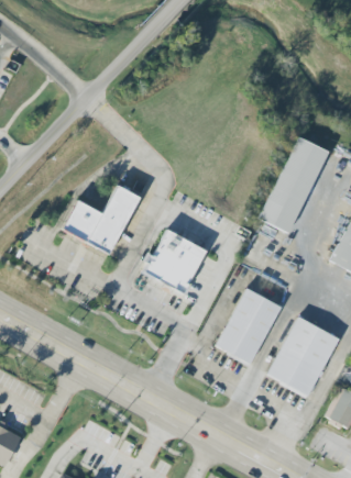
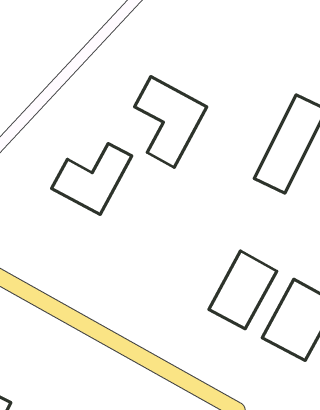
building: none -> [134,76,207,167]
building: [145,230,207,293] -> none

